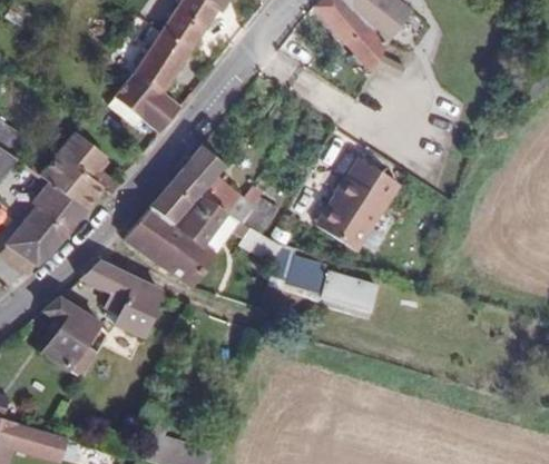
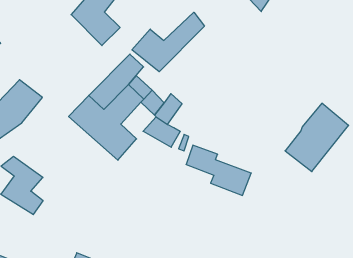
building: none -> [132,12,204,72]
building: [40,138,121,214] -> none
building: [313,159,395,253] -> [285,103,349,172]
building: [78,259,157,332] -> none

